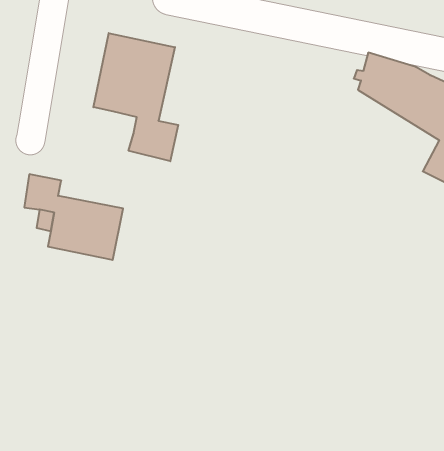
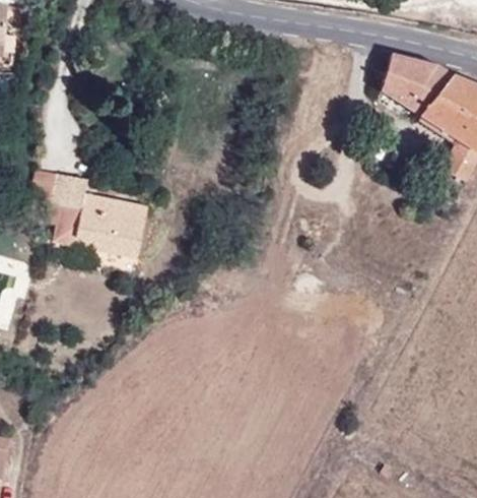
building: [93,33,178,161] -> none

